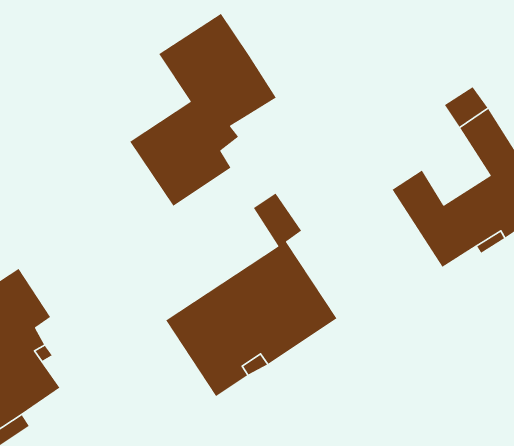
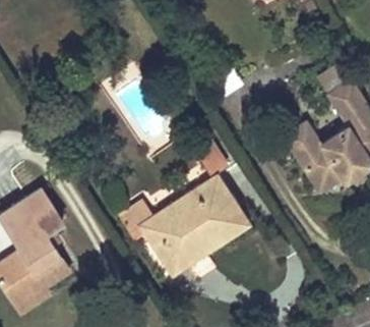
building: [129,13,277,207] -> none

